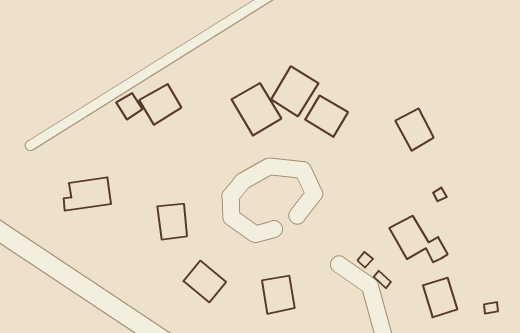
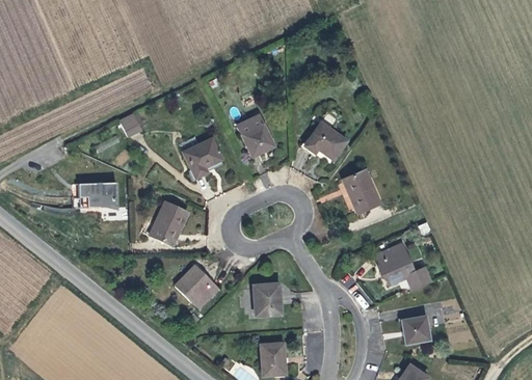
building: [271,66,318,116] -> none
building: [139,84,181,125] -> [185,146,223,183]
building: [395,109,434,151] -> [347,179,381,217]

